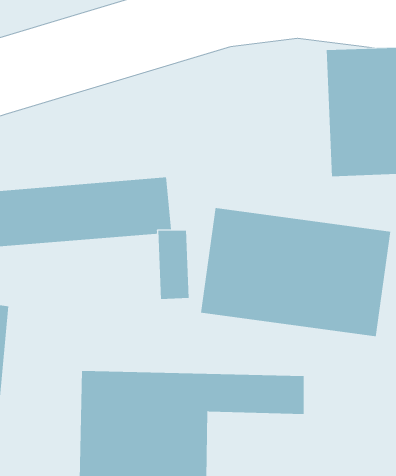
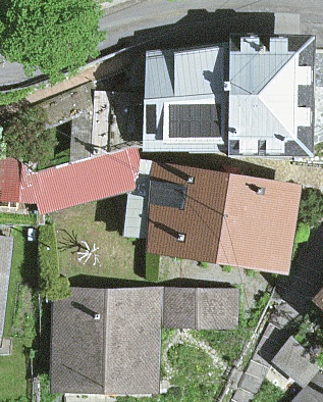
building: none -> [159,43,247,137]

